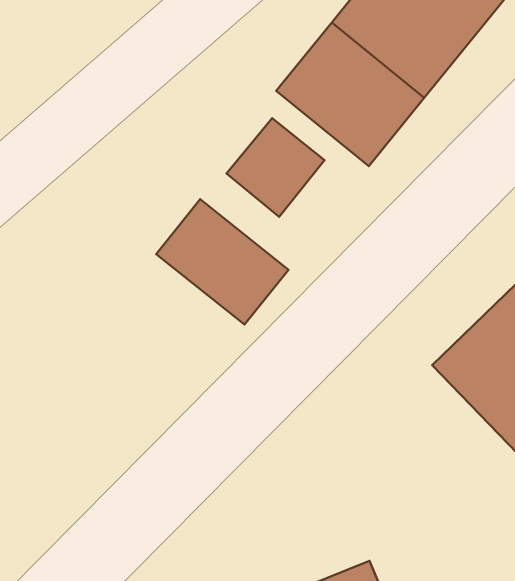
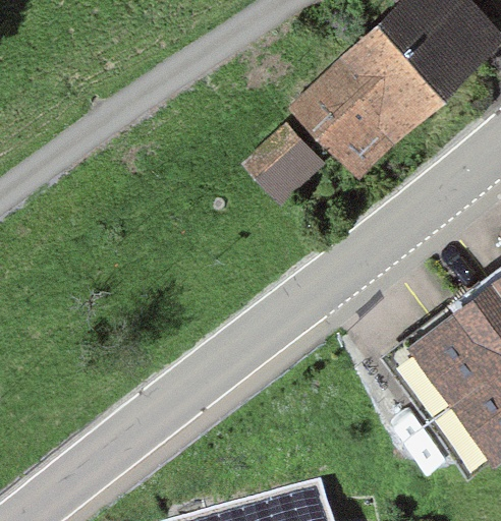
building: [156,199,288,325] -> none

